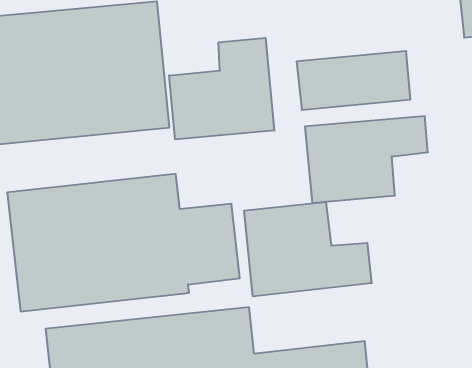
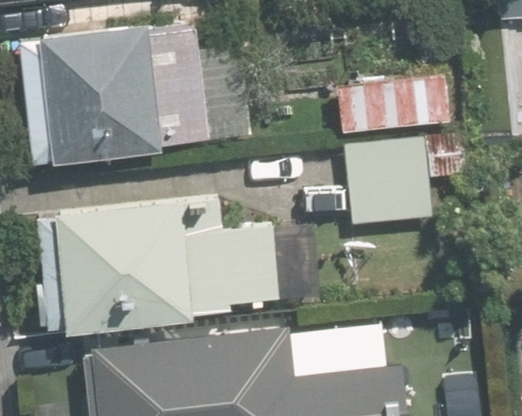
building: [169,38,274,139] -> none
building: [244,202,372,296] -> none

